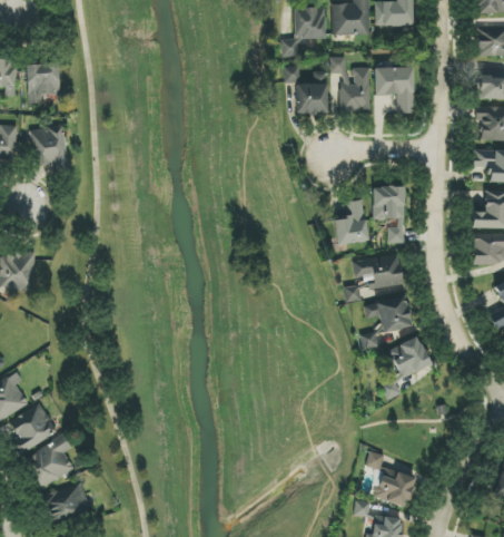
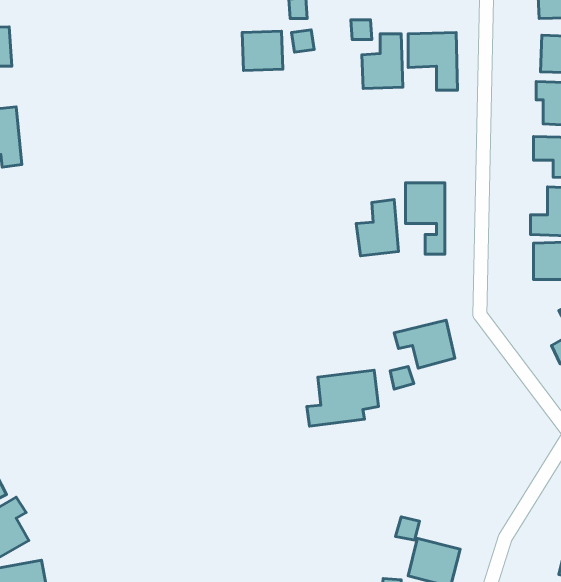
building: [295,82,327,114] -> [242,31,283,70]
building: [344,255,401,300] -> [307,370,378,426]
building: [388,335,431,378] -> none

